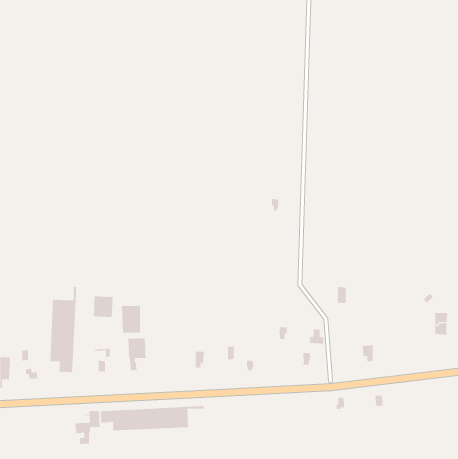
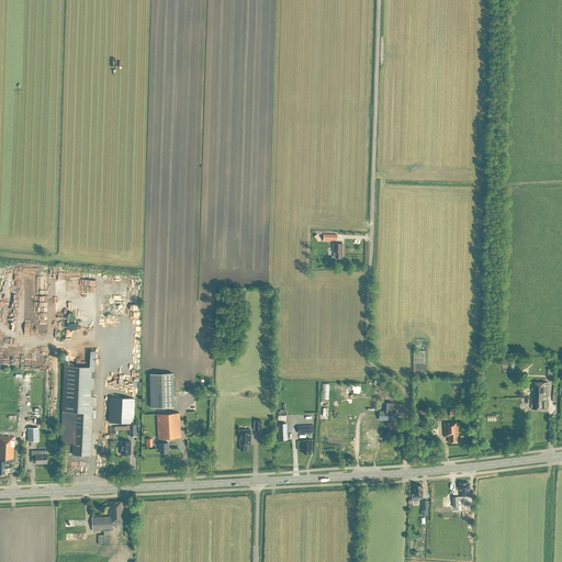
building: [93,296,113,317] -> [108,397,133,424]
building: [100,405,204,431] -> none

